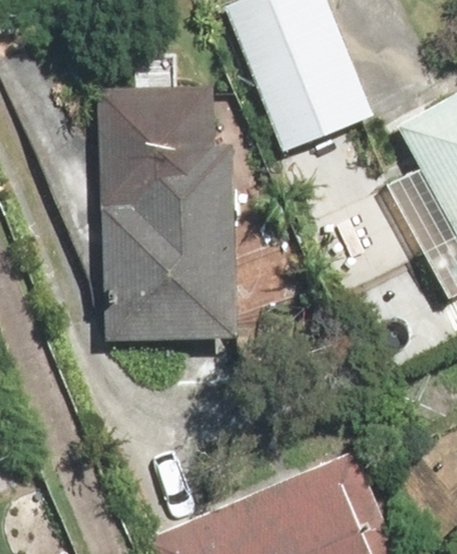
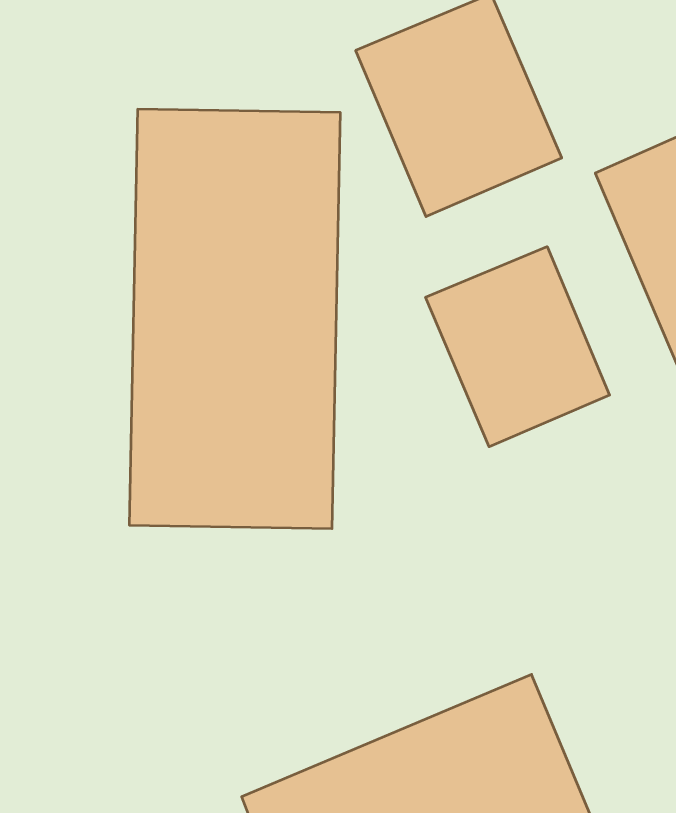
building: none -> [426,247,610,447]

